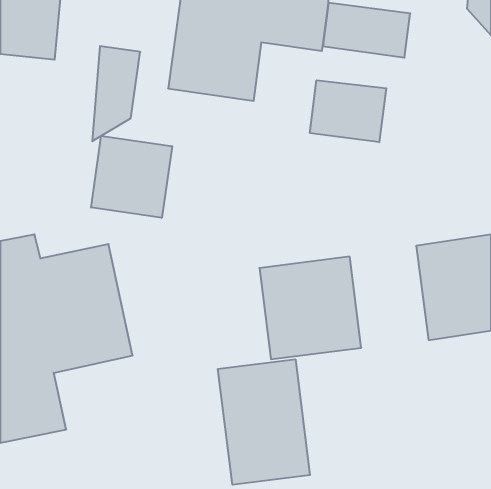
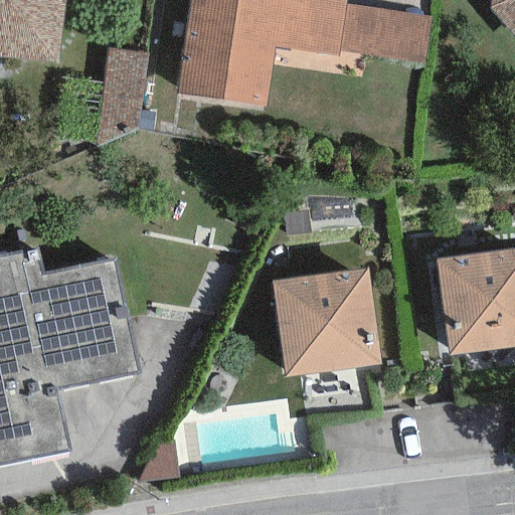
building: [310,80,386,142] -> none
building: [91,136,172,218] -> none
building: [218,359,310,485] -> none

